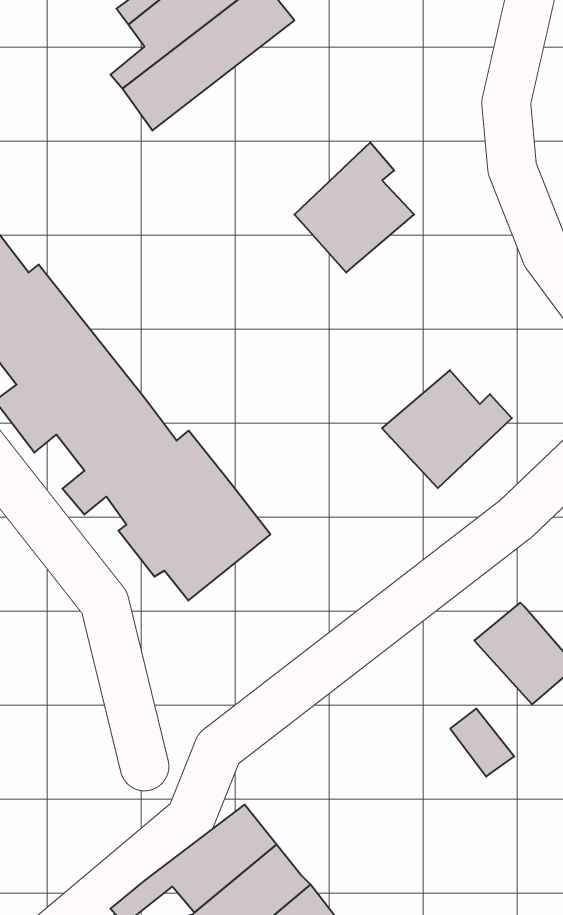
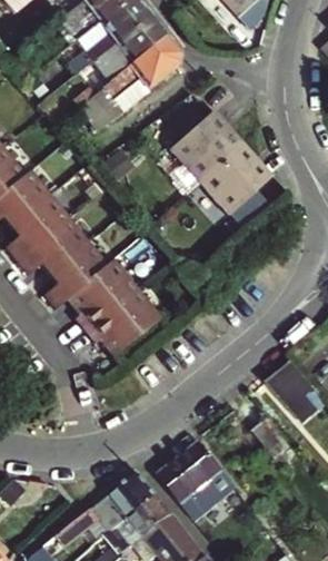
building: none -> [72,36,182,134]
building: [382,370,512,488] -> [198,144,270,209]
building: none -> [160,442,238,519]

